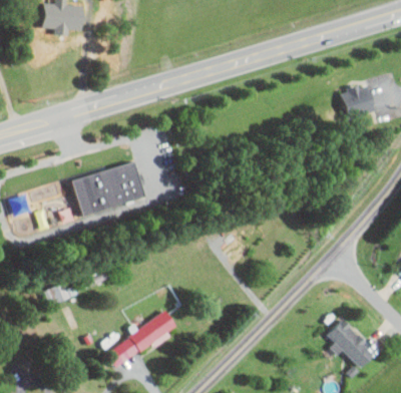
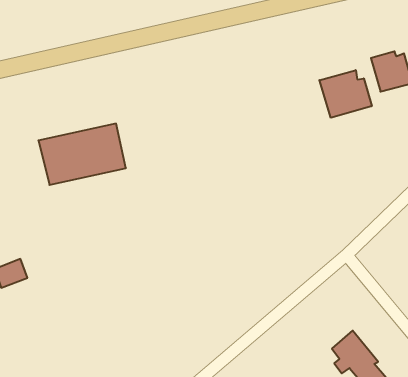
building: none -> [319,70,372,118]
building: [114,310,177,362] -> none

